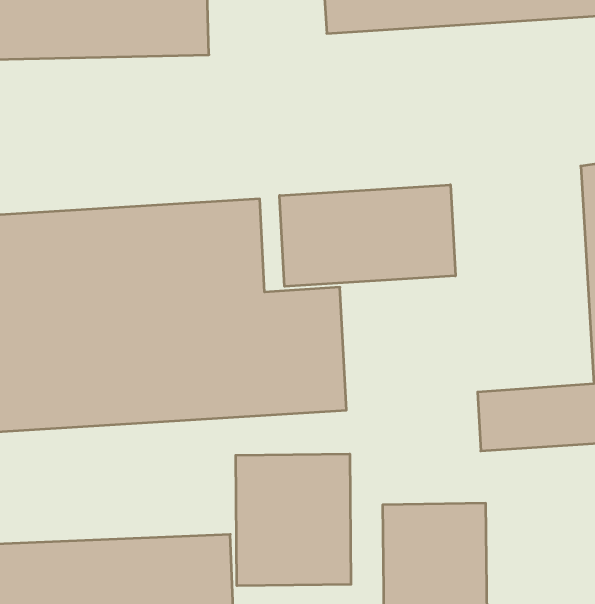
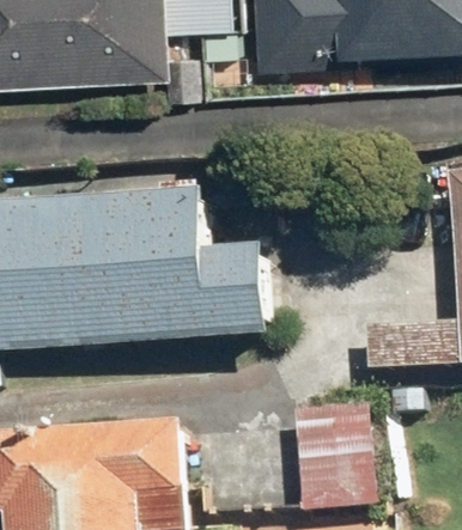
building: [280,185,455,286] -> none
building: [236,454,351,586] -> none

